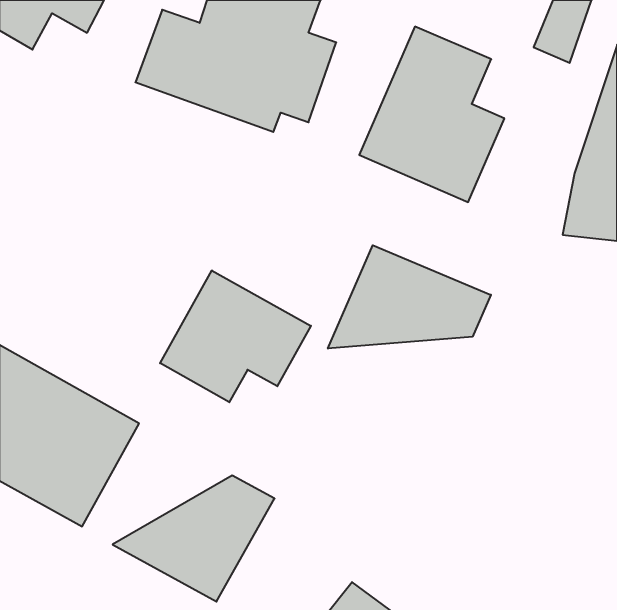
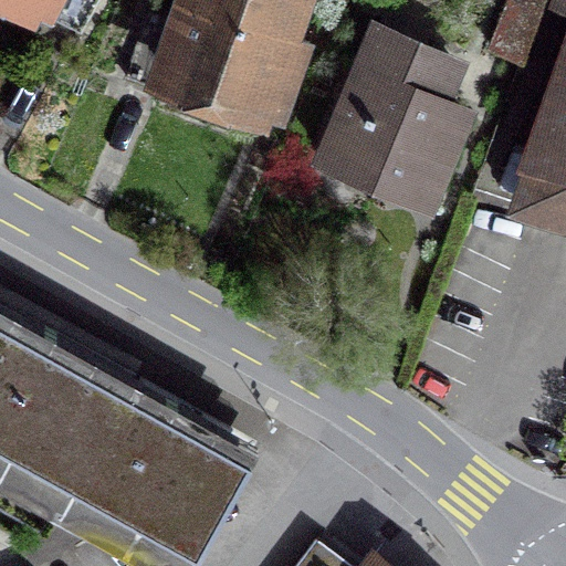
building: [328,245,491,349] -> none
building: [160,270,311,402] -> none
building: none -> [75,395,212,505]

